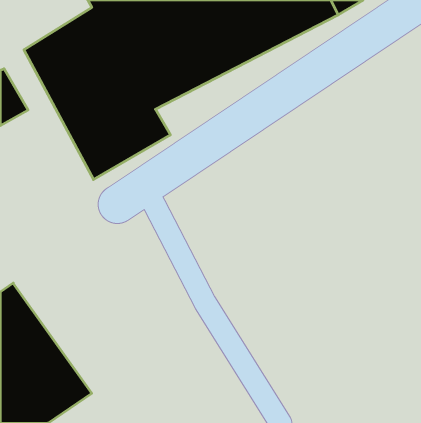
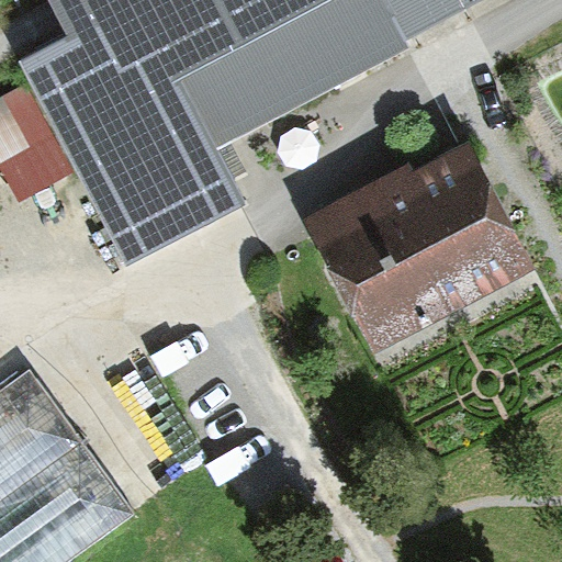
building: none -> [304,150,521,347]

